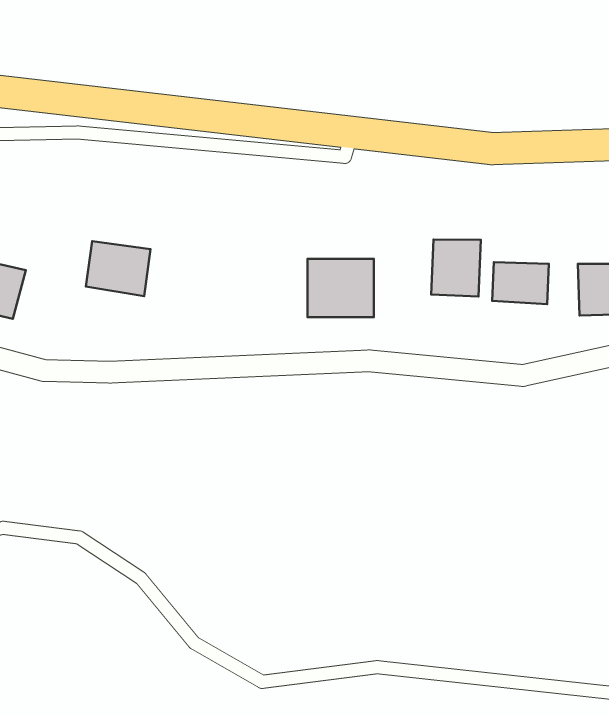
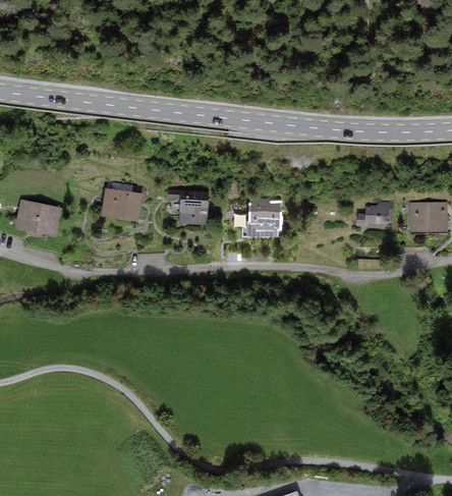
building: [431,240,481,296] -> none
building: none -> [177,199,206,225]

